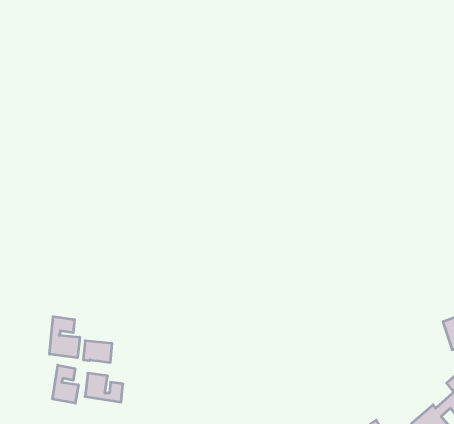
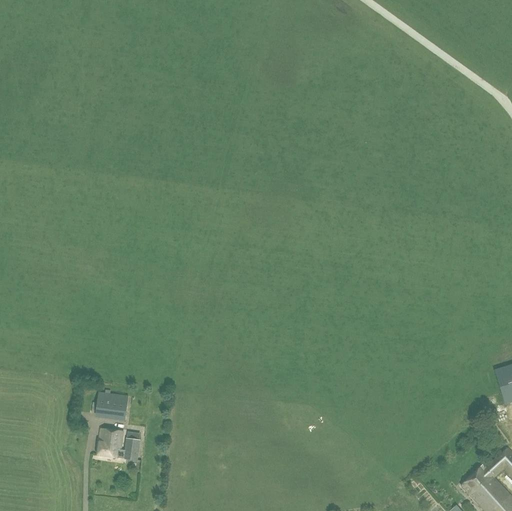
building: [50,317,80,358] -> none
building: [53,365,78,403] -> none

